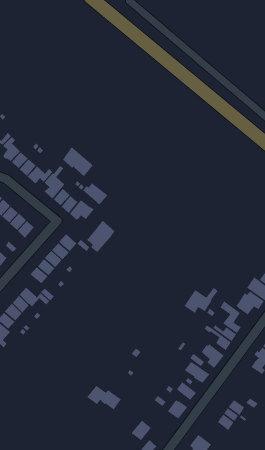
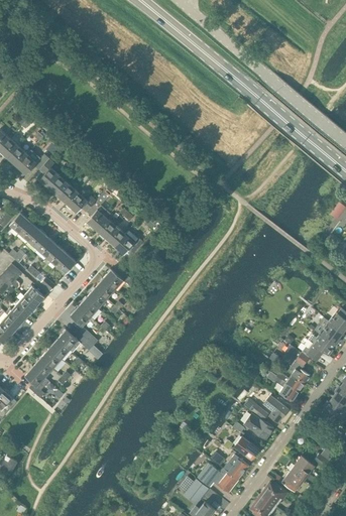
building: [62,146,94,177] -> none
building: [82,182,109,205] -> none
building: [86,220,116,253] -> none
building: [183,287,219,314] -> none
building: [86,385,122,411] -> [198,464,238,493]
building: none -> [260,483,287,508]

